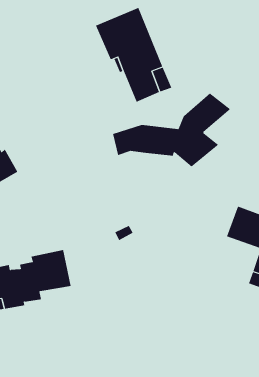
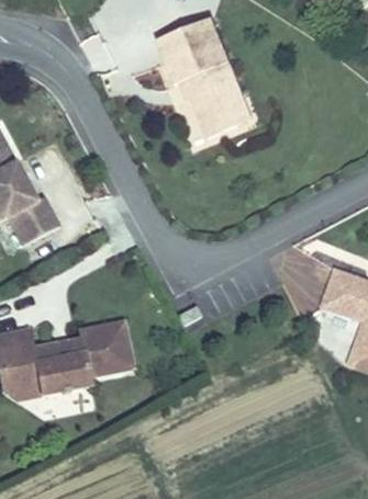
building: [113,93,231,168] -> none

